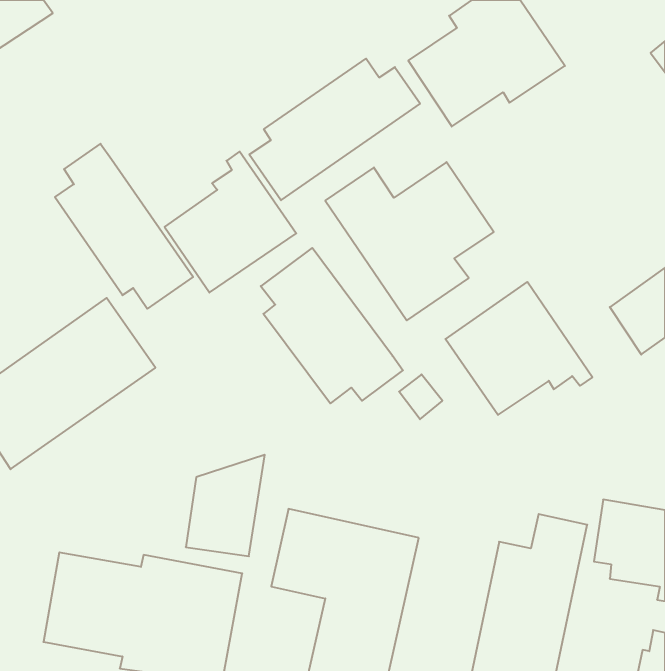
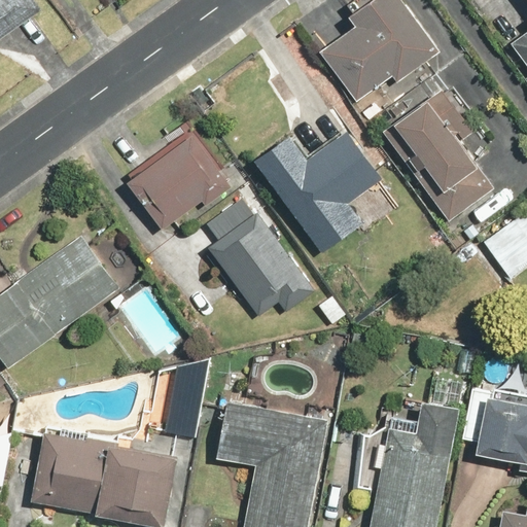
building: [249,59,420,200] -> none
building: none -> [397,87,497,223]
building: [55,144,193,309] -> none
building: [445,282,592,415] -> none

